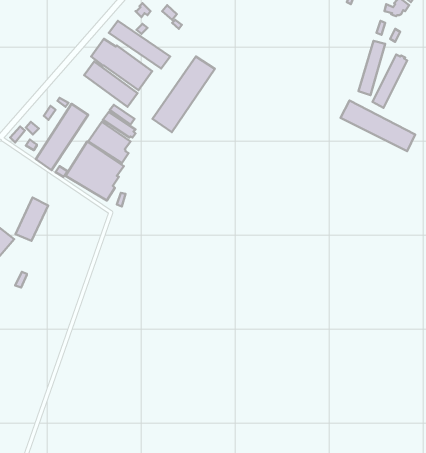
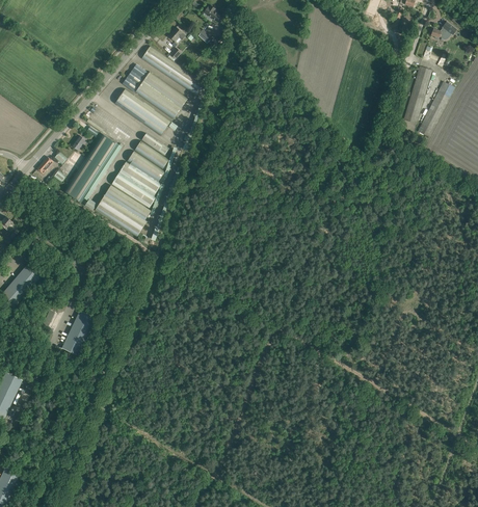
building: [152,57,215,132] -> none
building: [341,101,415,151] -> none
building: [16,197,48,241] -> [62,310,97,355]

